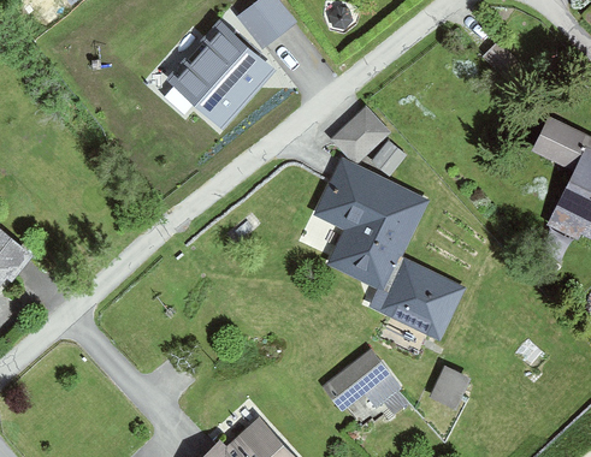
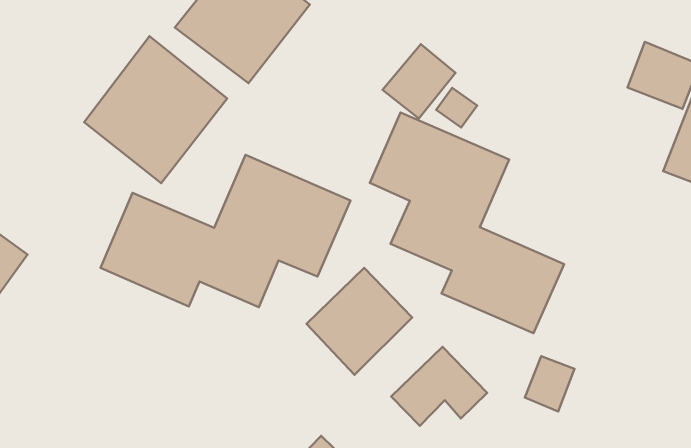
building: none -> [84,36,227,183]
building: none -> [101,155,350,307]
building: none -> [307,268,412,375]

